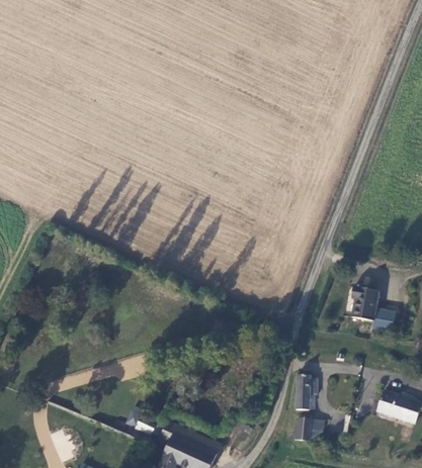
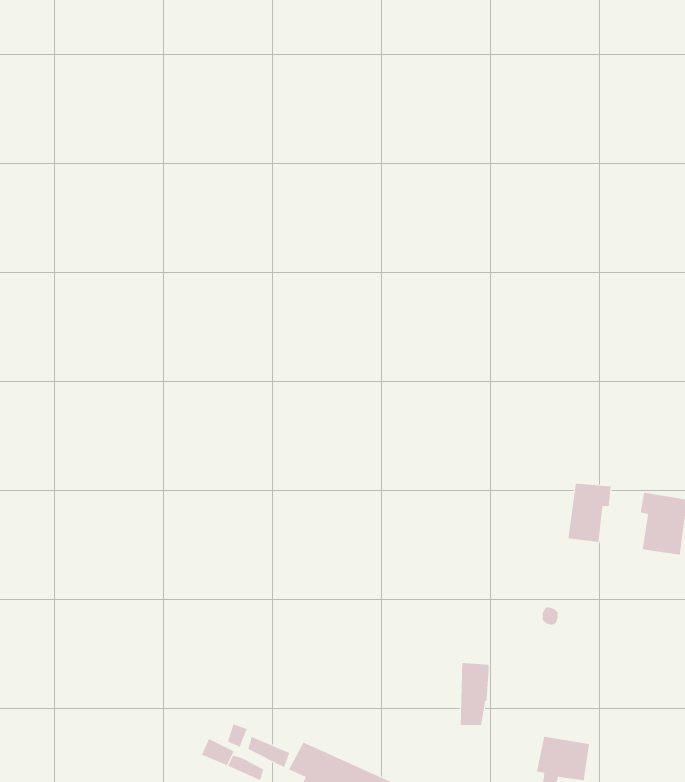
building: none -> [568,483,611,543]
building: [296,374,312,408] -> [460,663,489,725]

